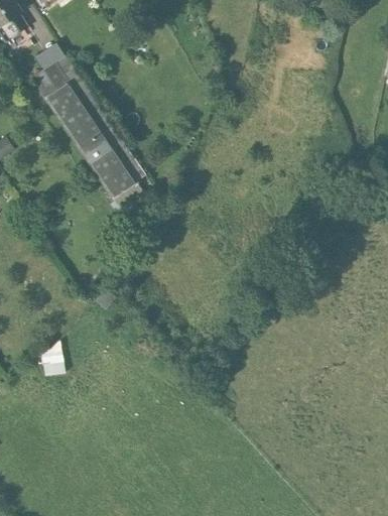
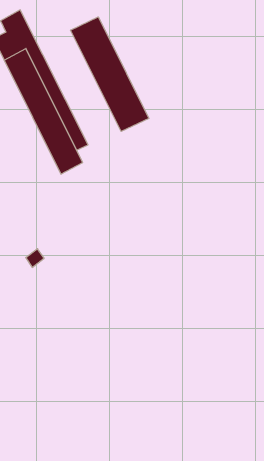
building: none -> [71,17,149,131]

